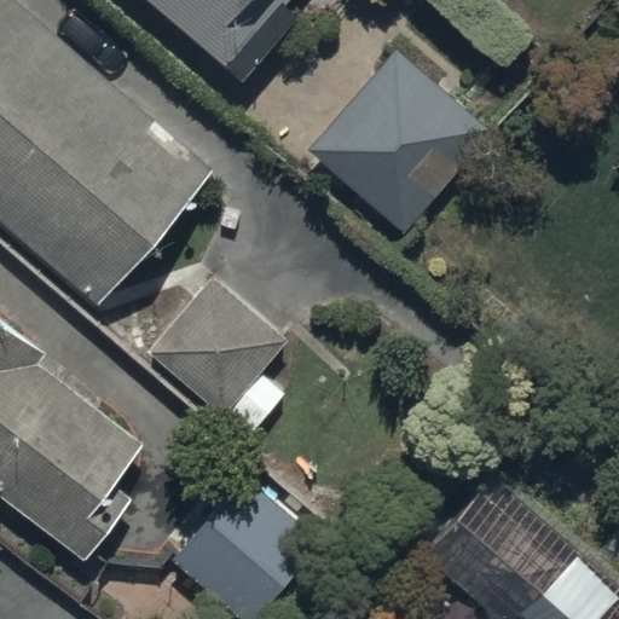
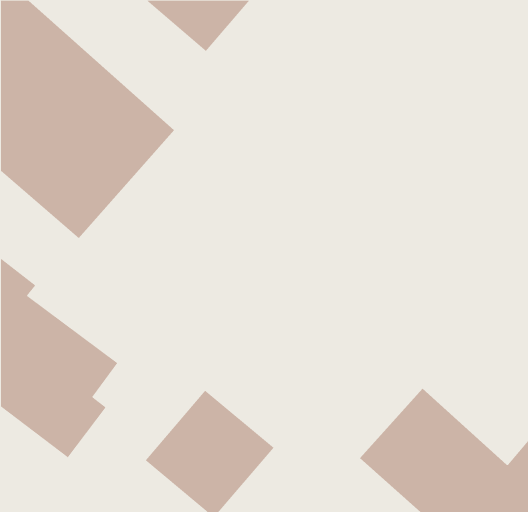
building: [306,51,488,232] -> none
building: [147,276,288,439] -> none

